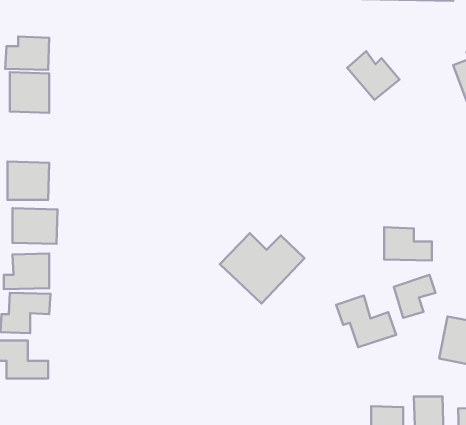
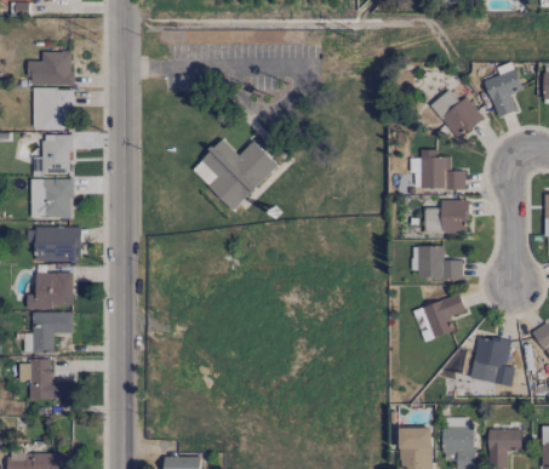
building: [347,51,400,100] -> [430,88,484,138]
building: none -> [33,133,72,173]
building: none -> [421,149,465,189]
building: none -> [424,199,469,235]
building: [220,233,305,303] -> [191,138,278,210]
building: [336,296,396,347] -> none

